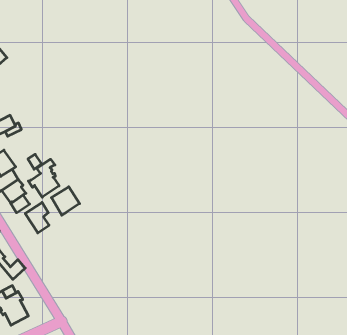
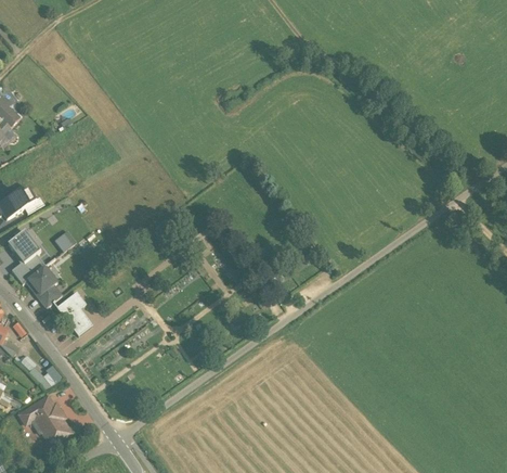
building: [28,159,59,197] -> none
building: [51,187,80,215] -> none

